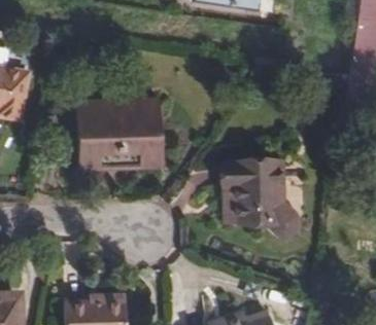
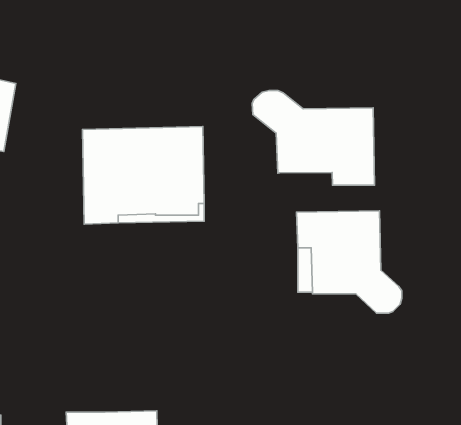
building: none -> [252,90,375,185]

